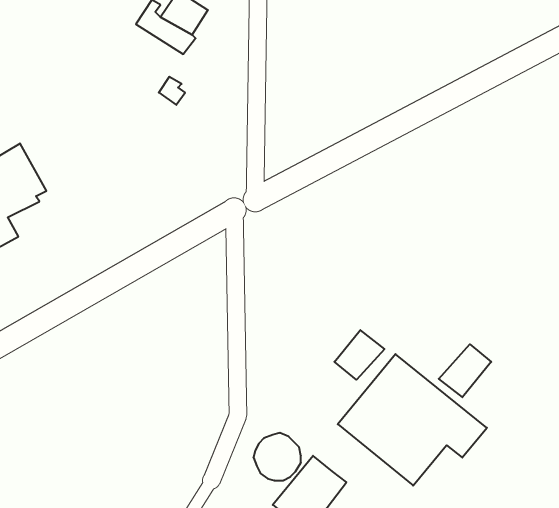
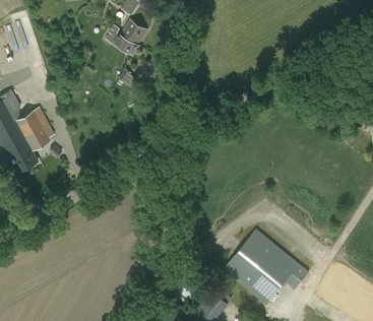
building: [334,330,384,380] -> none
building: [439,344,491,397] -> none

